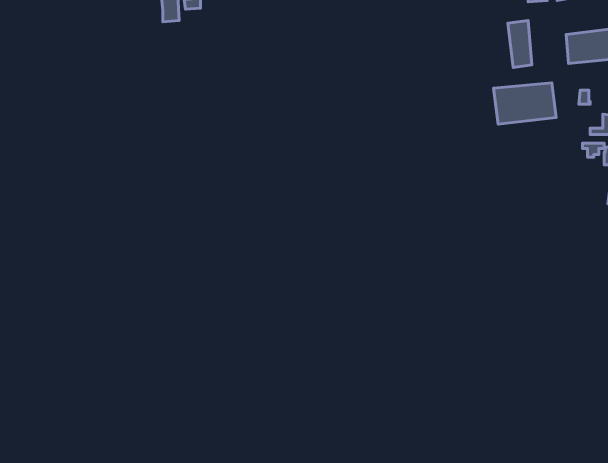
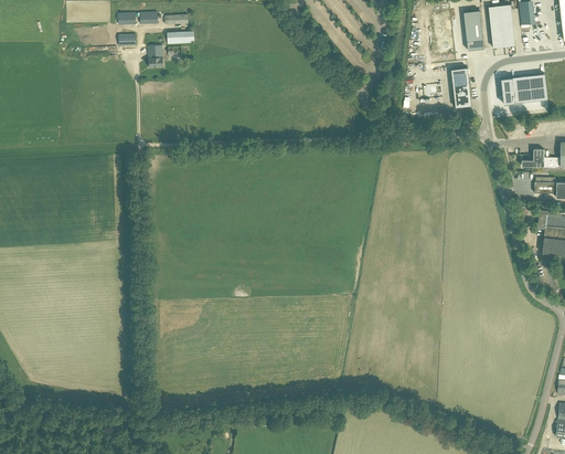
building: [494,83,556,124] -> none

